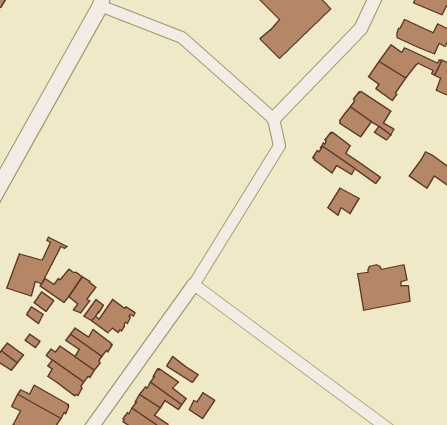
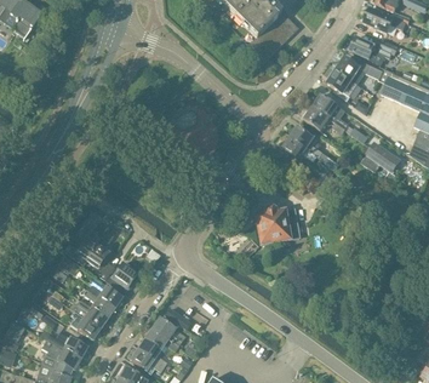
building: [7,237,67,296] -> none
building: [357,265,410,310] -> [258,207,301,244]

